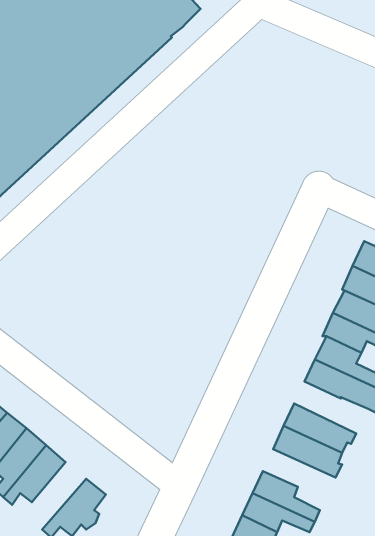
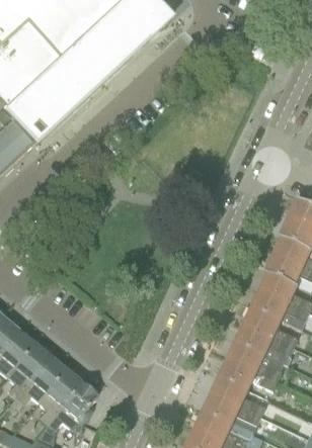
building: none -> [242,307,296,348]
building: none -> [218,360,275,390]
building: none -> [37,370,80,423]

